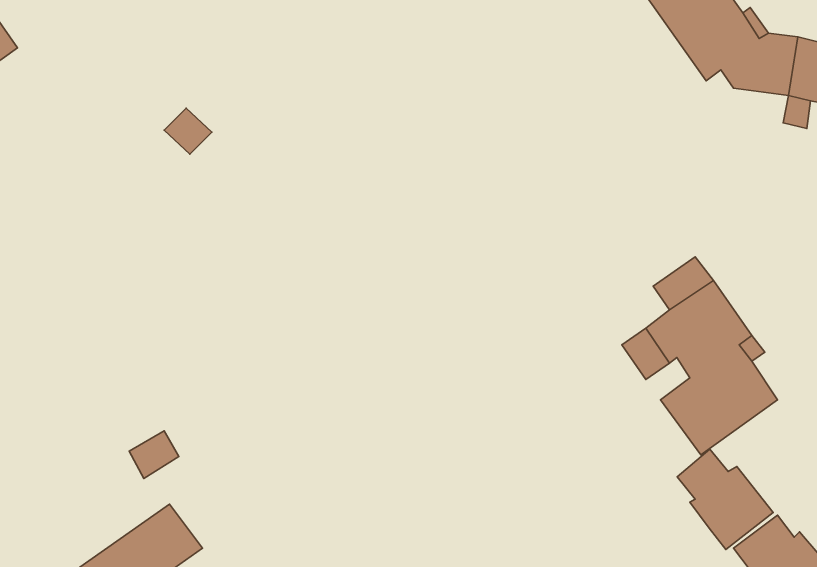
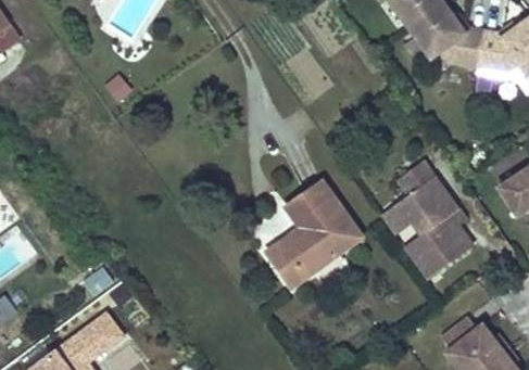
building: none -> [268,182,361,284]
building: [677,449,773,550] -> none

